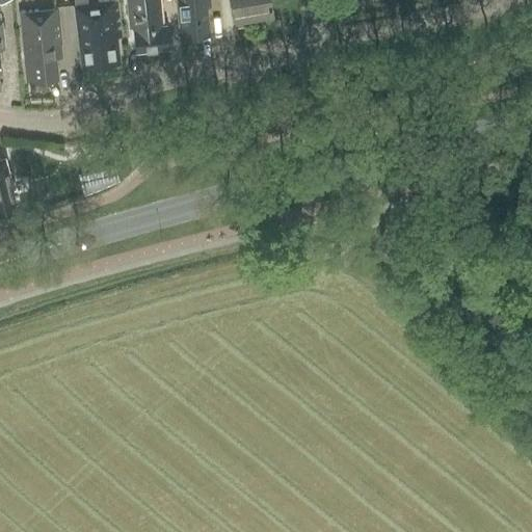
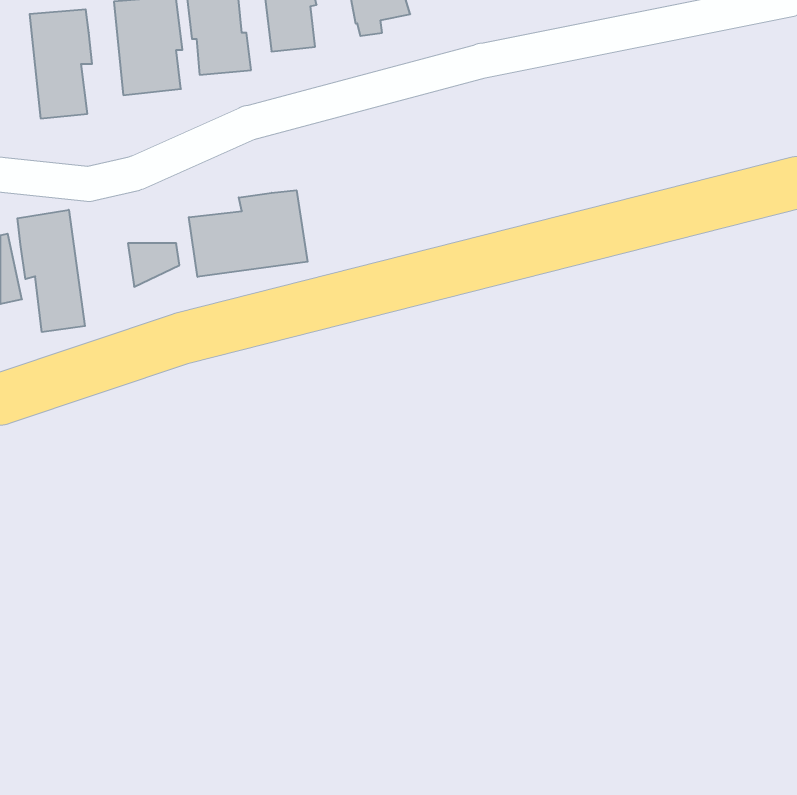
building: none -> [189,190,308,277]
building: none -> [17,210,85,332]

